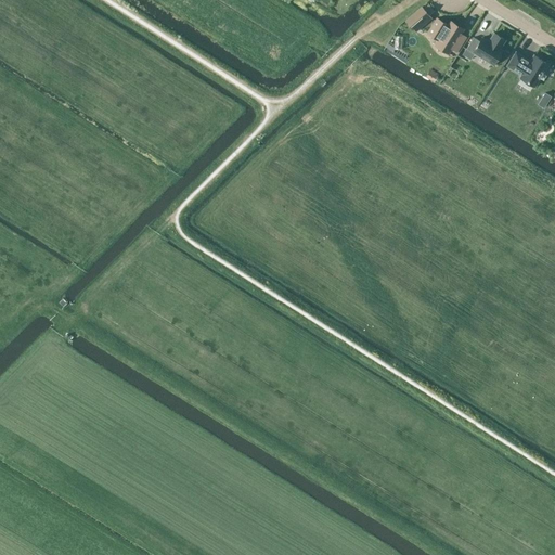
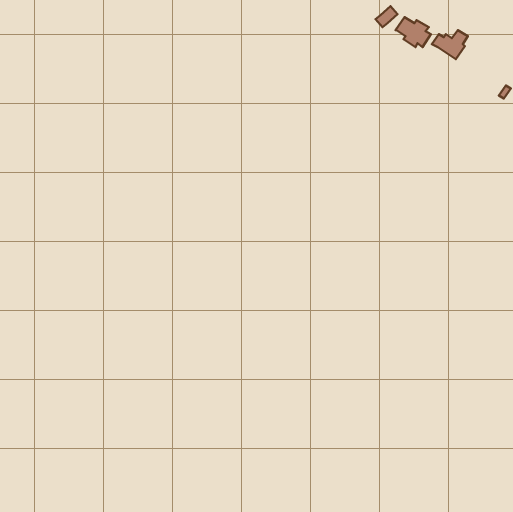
building: [507,53,547,87] -> none

